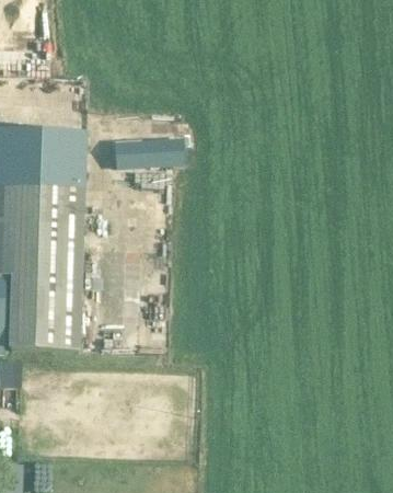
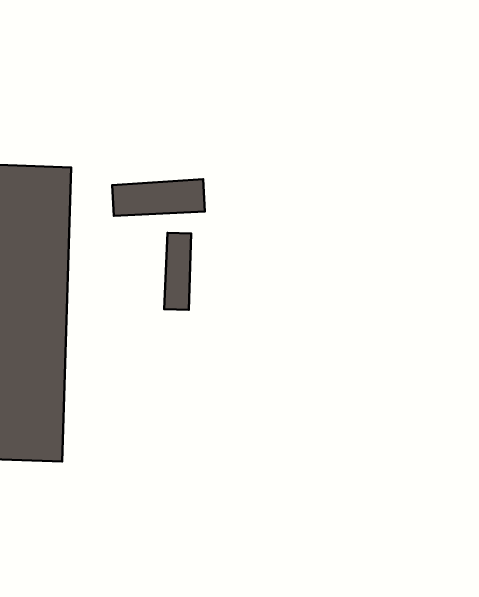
building: none -> [164,233,191,310]

